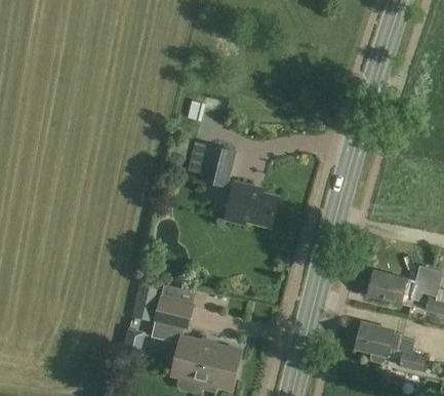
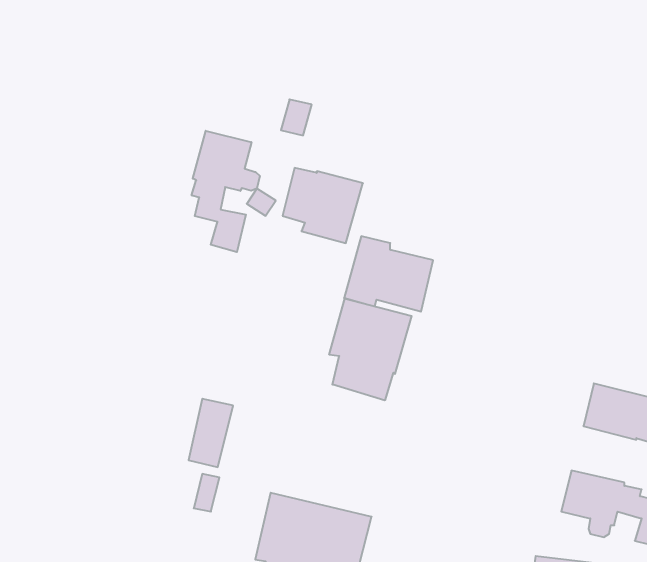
building: none -> [192,131,260,252]
building: none -> [329,299,412,400]
building: [151,294,195,343] -> none

